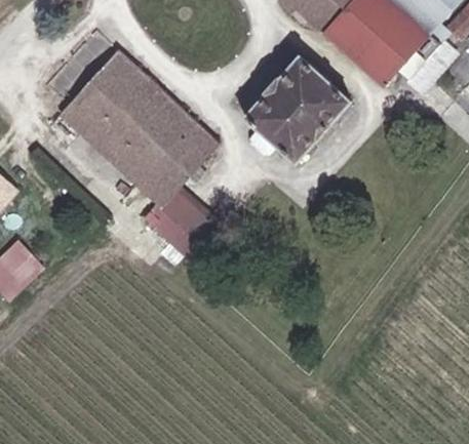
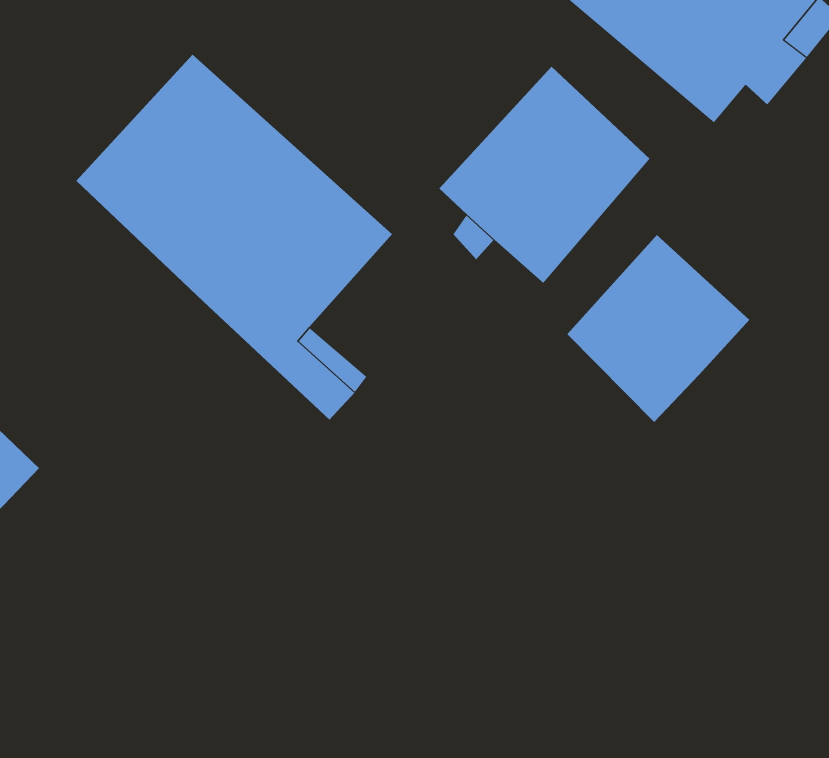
building: none -> [566,234,750,423]

